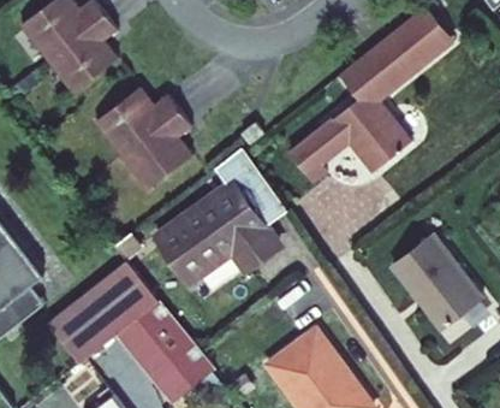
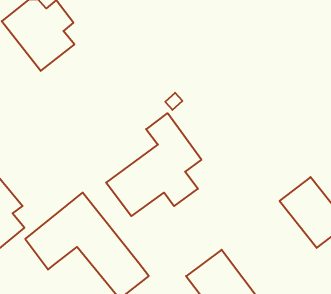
building: [286,11,446,183] -> none
building: [96,88,194,191] -> none

